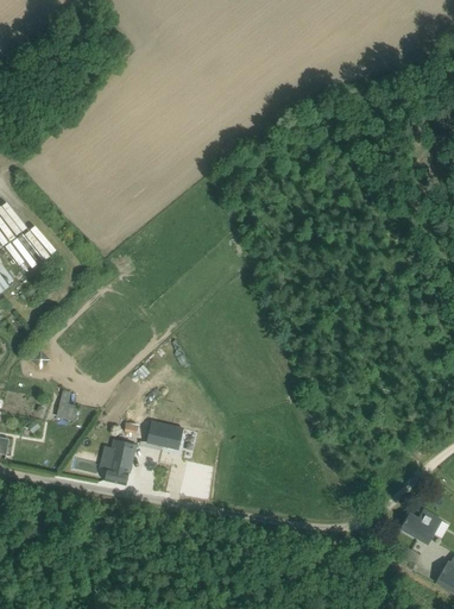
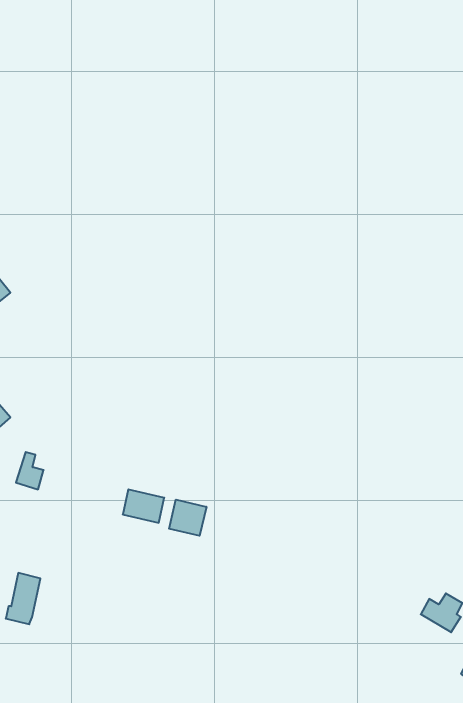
building: none -> [169,500,206,536]
building: [105,440,134,484] -> [6,573,40,624]

